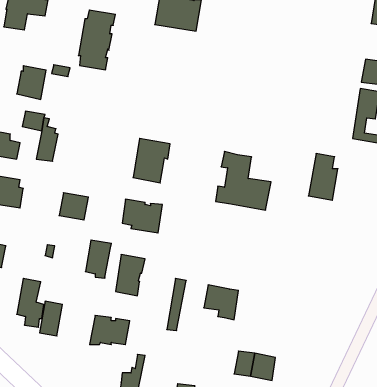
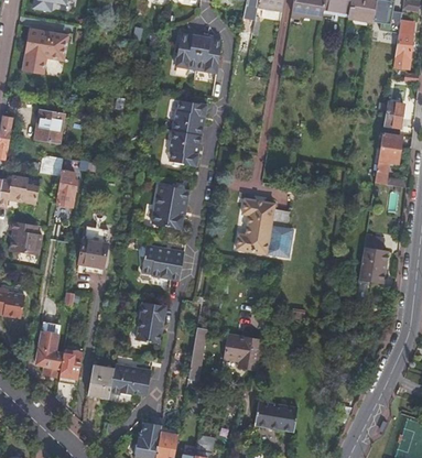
building: [78,10,115,70] -> [170,105,207,165]
building: [308,154,338,200] -> [360,230,390,277]
building: [85,240,111,278] -> [89,356,116,394]

